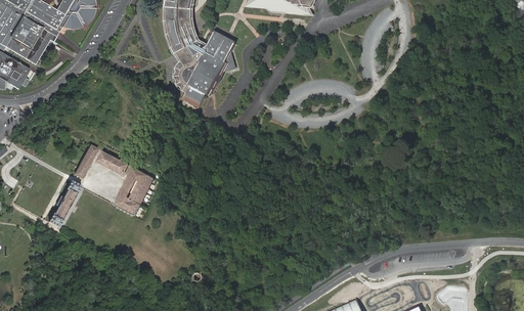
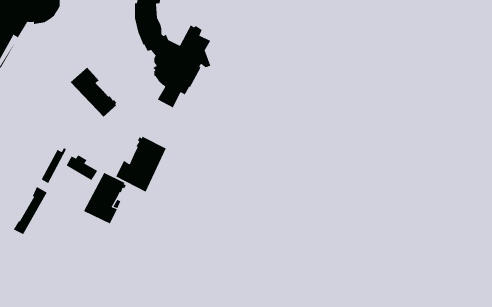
building: none -> [70,67,117,118]
building: none -> [116,136,167,193]

